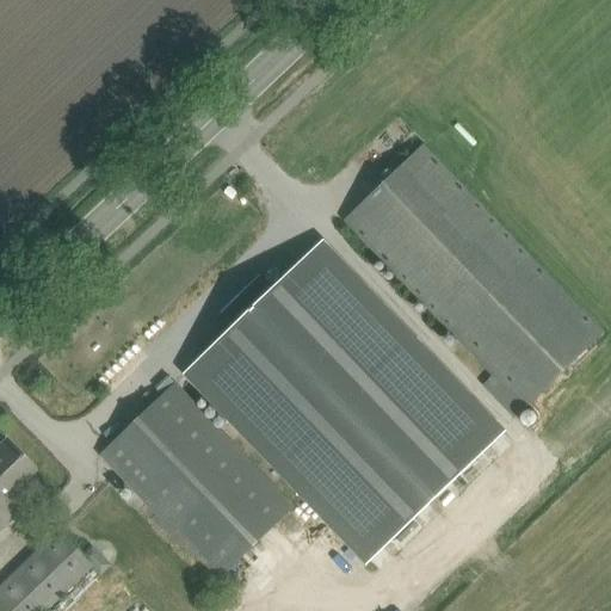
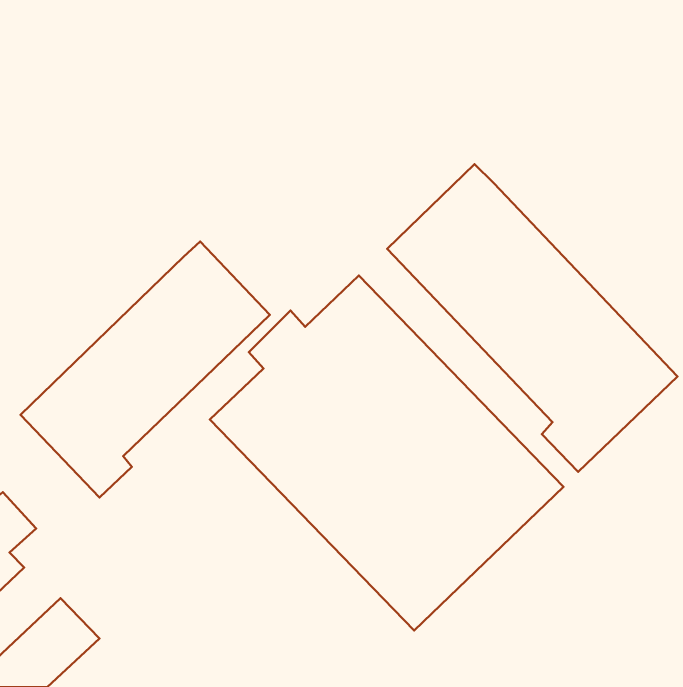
building: none -> [20,242,270,497]
building: [98,384,291,578] -> none

